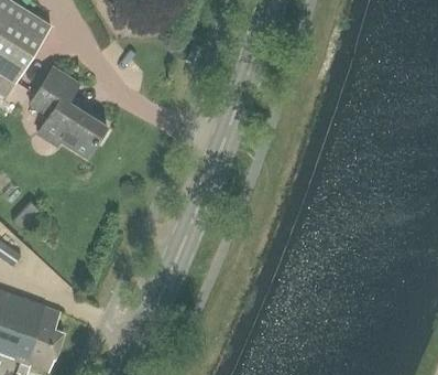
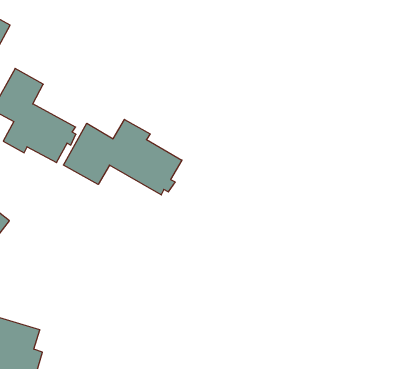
building: none -> [63,119,182,195]

